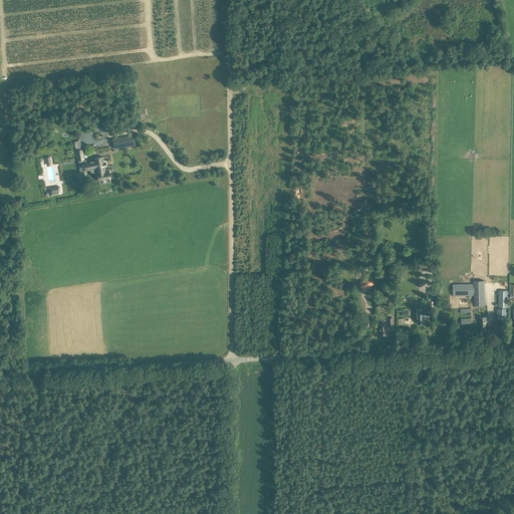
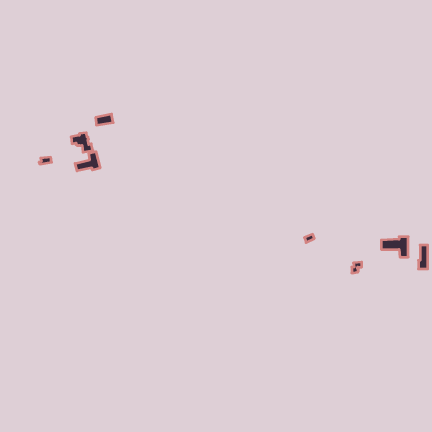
building: none -> [75,152,100,171]

